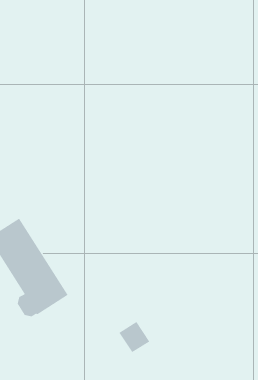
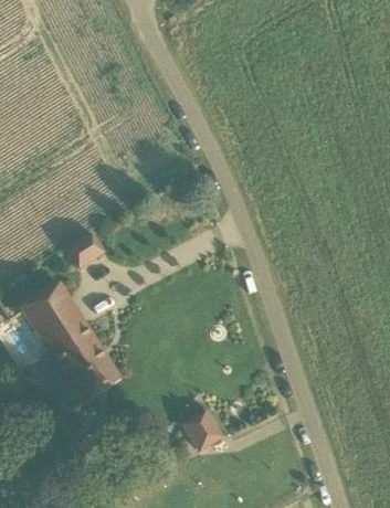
building: none -> [66,231,105,266]

